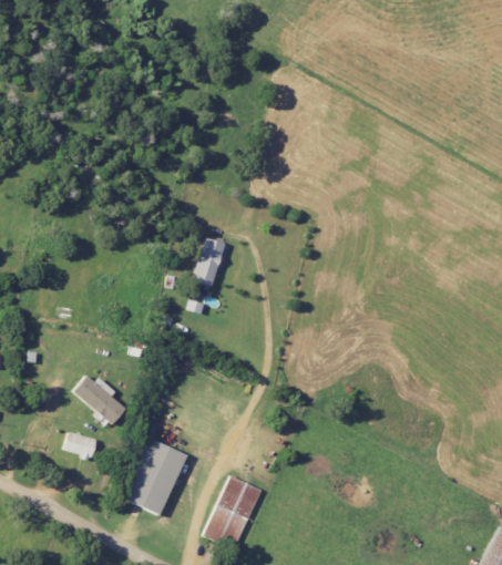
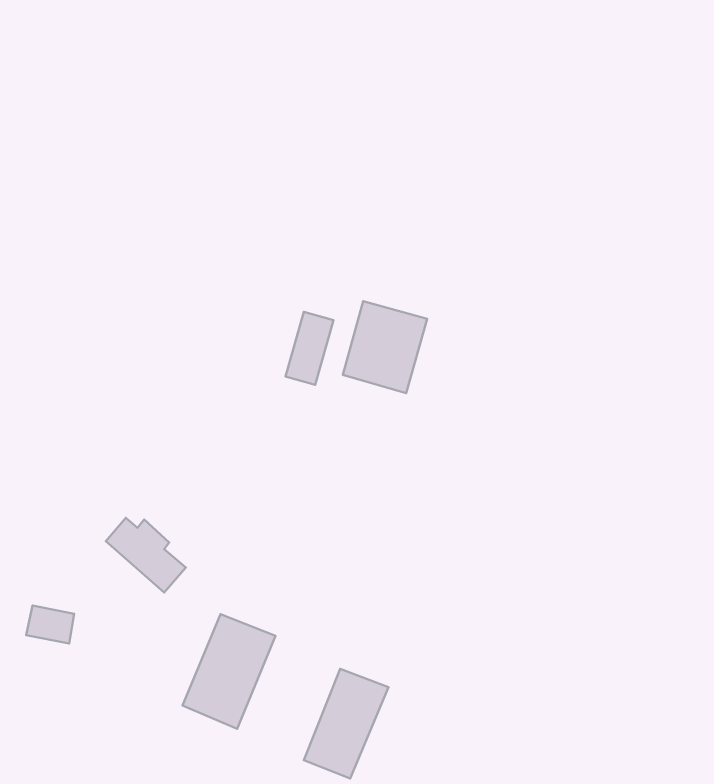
building: none -> [343,301,427,393]
building: [64,433,96,459] -> [26,605,74,644]

